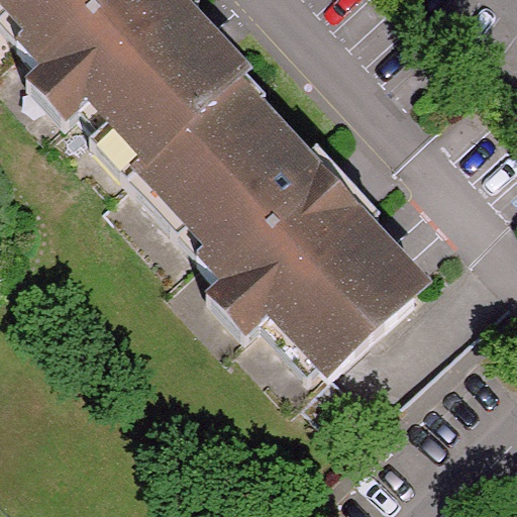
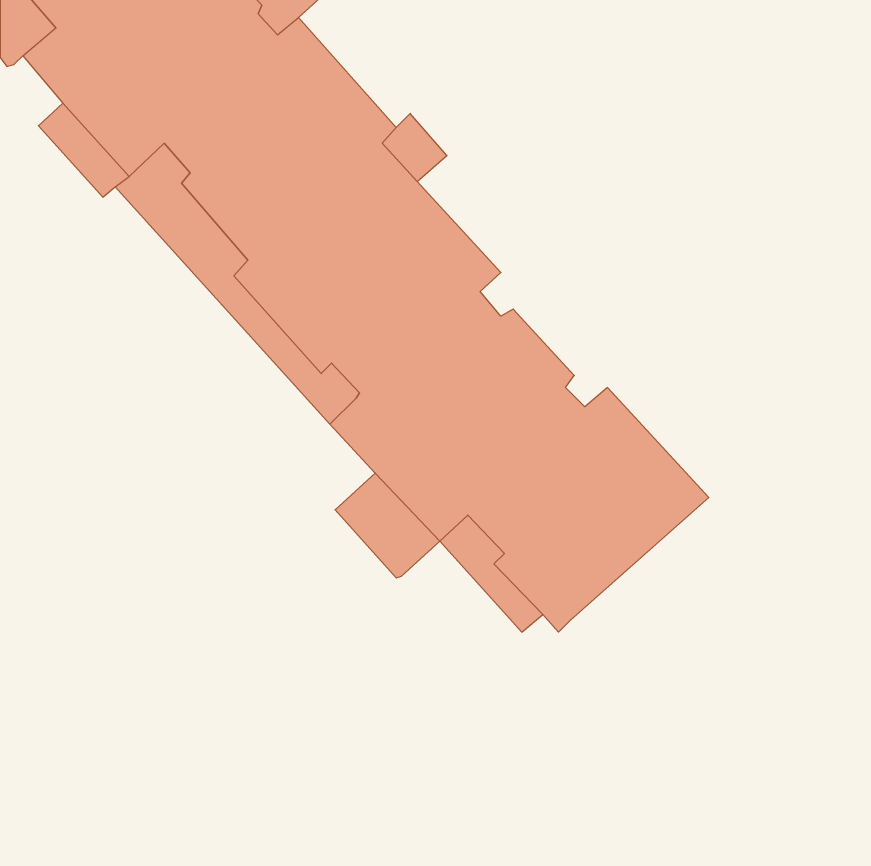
building: [290,138,385,235] -> none

